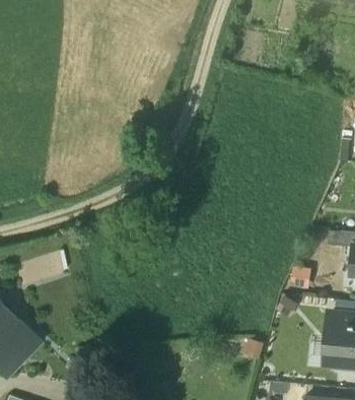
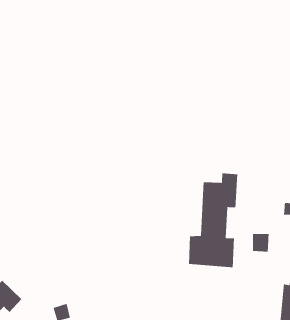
building: none -> [188,172,238,268]

